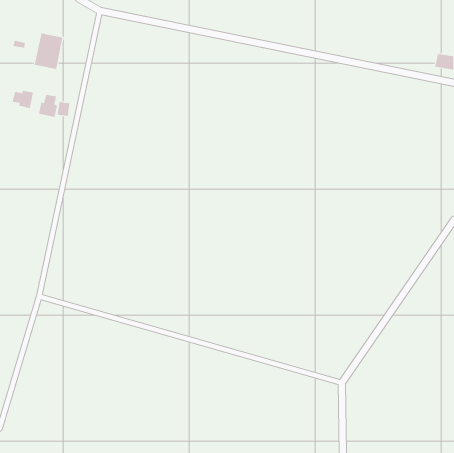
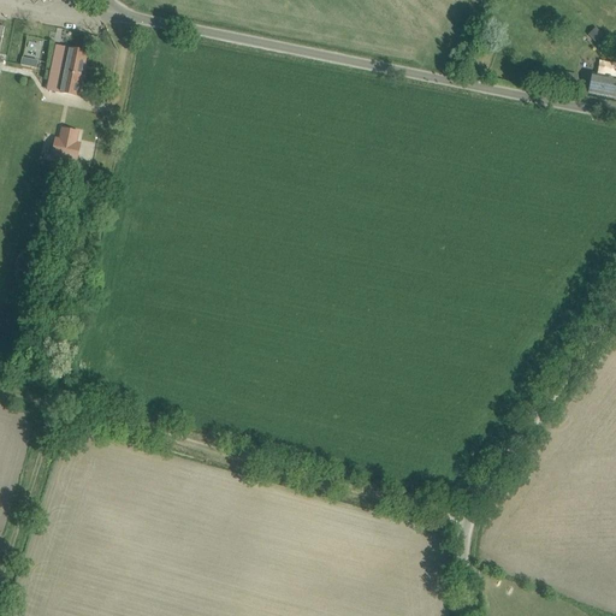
building: [12,90,34,109] -> none

